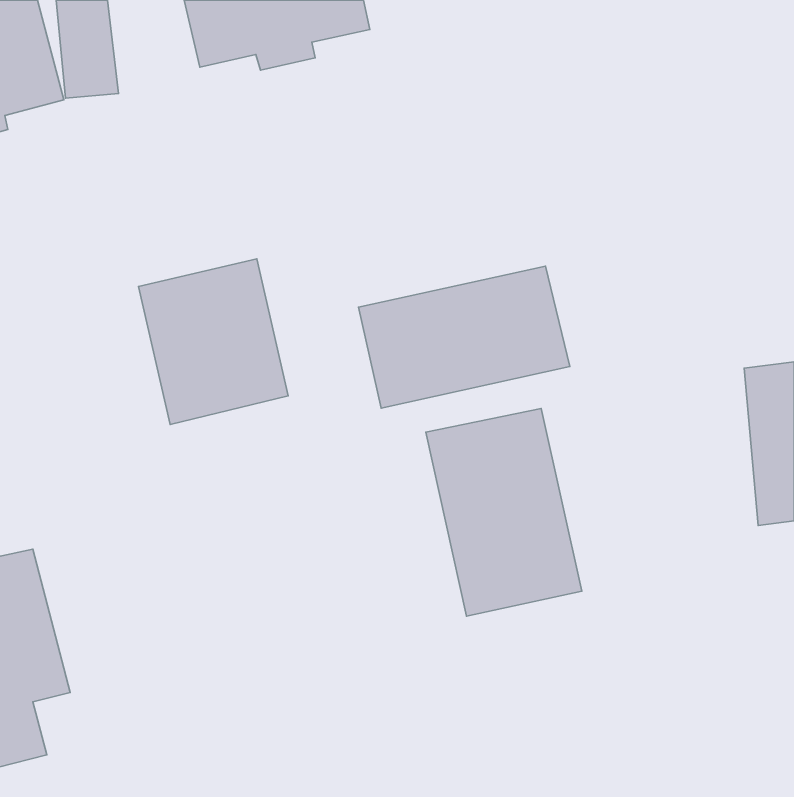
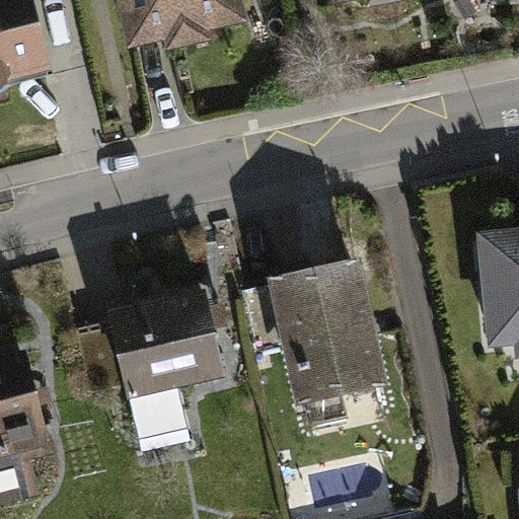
building: [138,259,288,424] -> none
building: [358,266,570,408] -> none
building: none -> [75,298,221,437]

